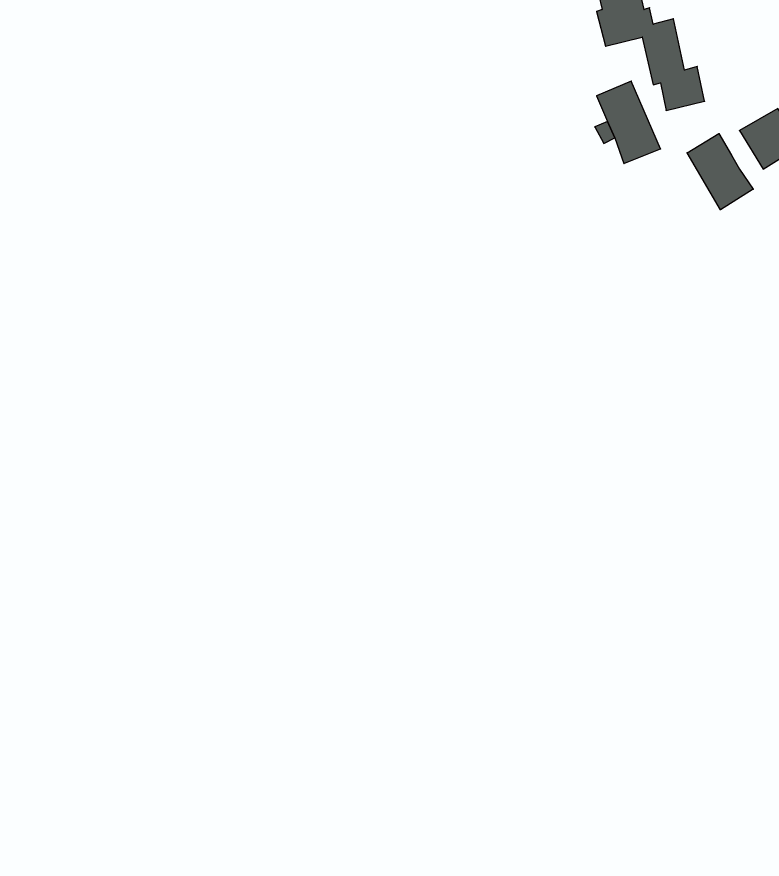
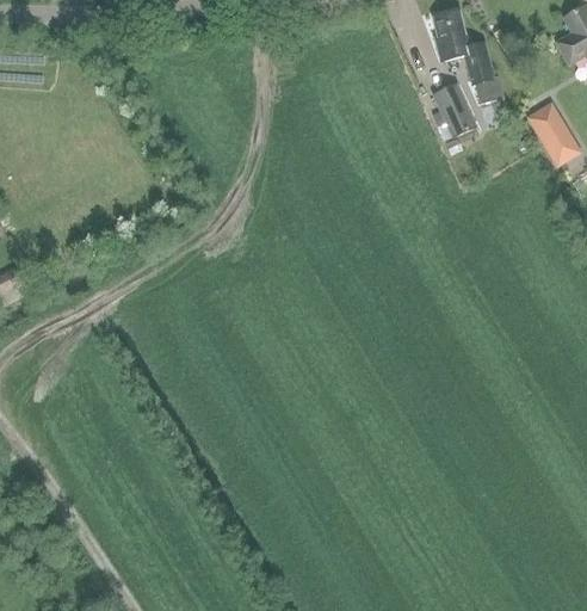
building: [687,134,753,210] -> none

